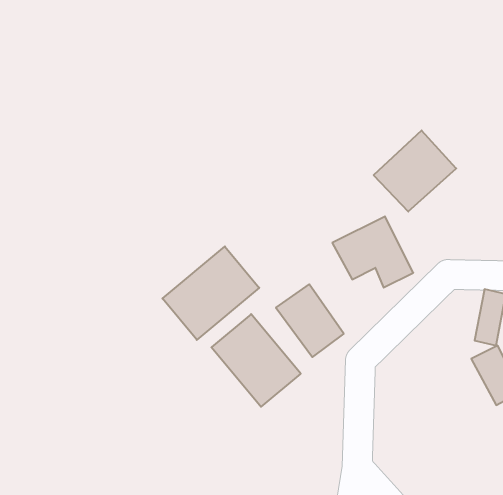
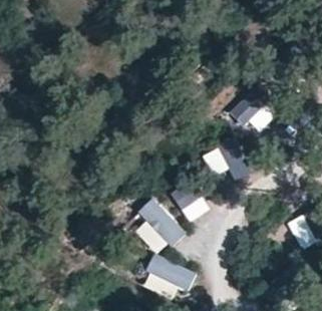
building: [162,246,259,340] -> none
building: none -> [141,255,194,302]

